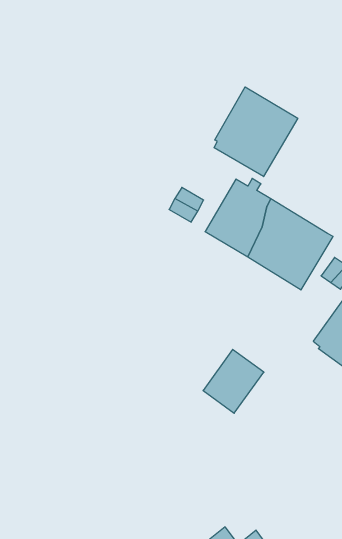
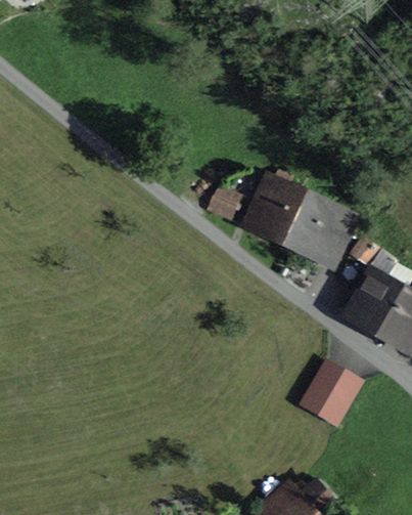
building: [214,87,298,177] -> none
building: [203,349,264,413] -> [305,364,357,421]

